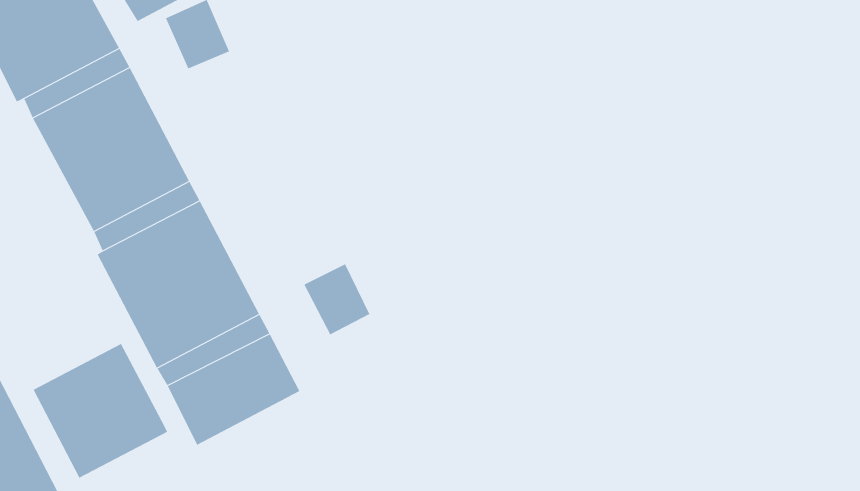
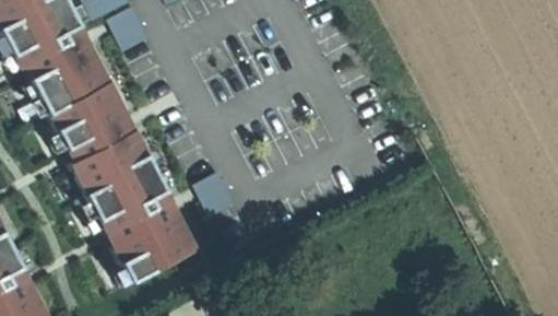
building: [33,343,168,479] -> none

